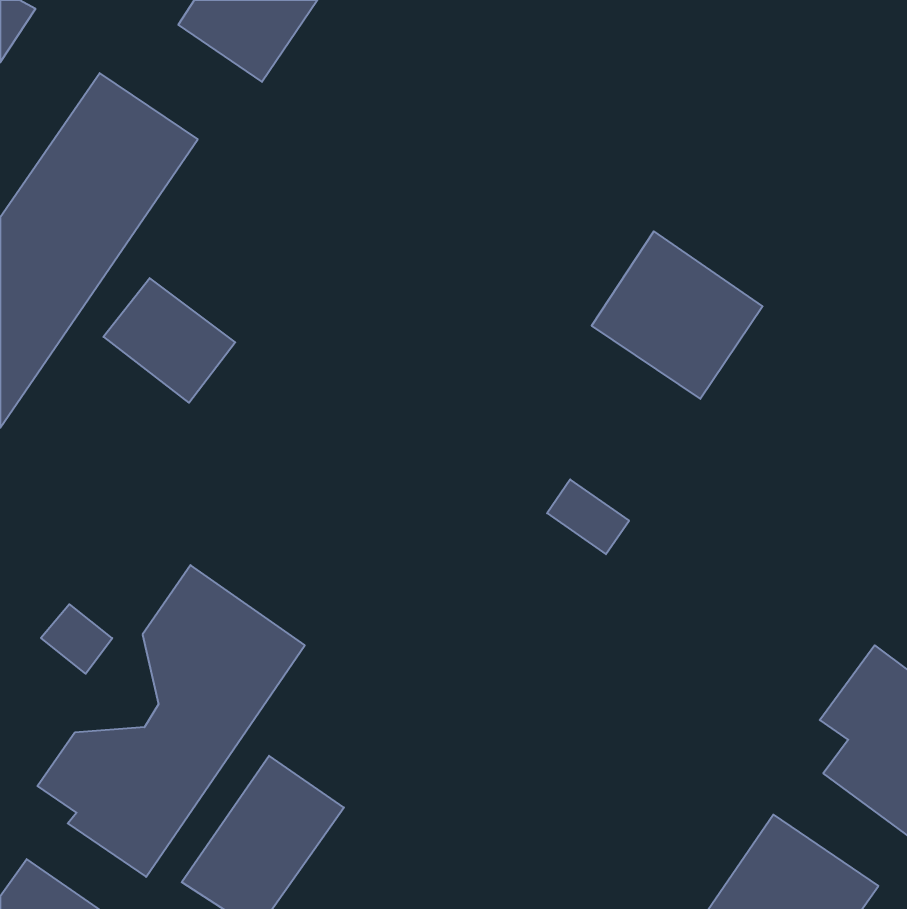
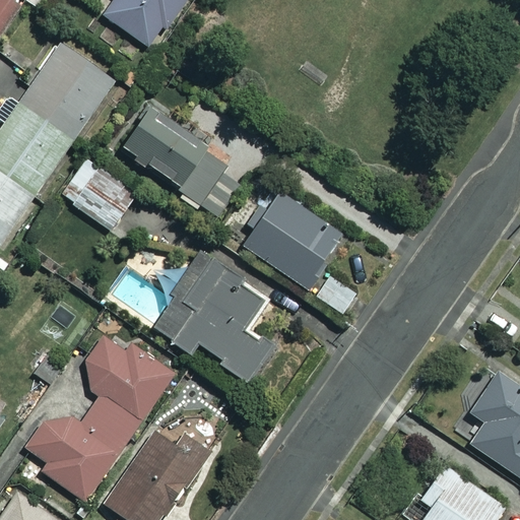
building: none -> [119,109,245,215]
building: [592,231,763,399] -> [243,190,340,285]
building: none -> [153,256,270,380]

